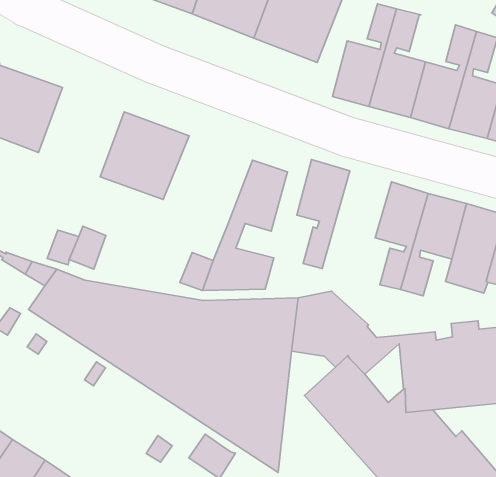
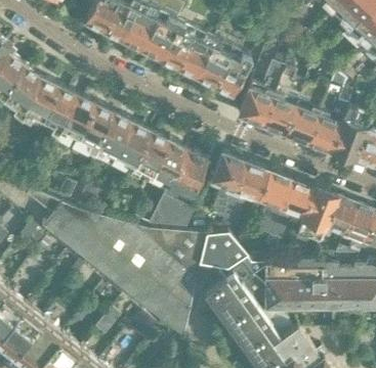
building: none -> [57,94,112,150]
building: none -> [130,131,186,186]
building: none -> [222,162,269,225]

